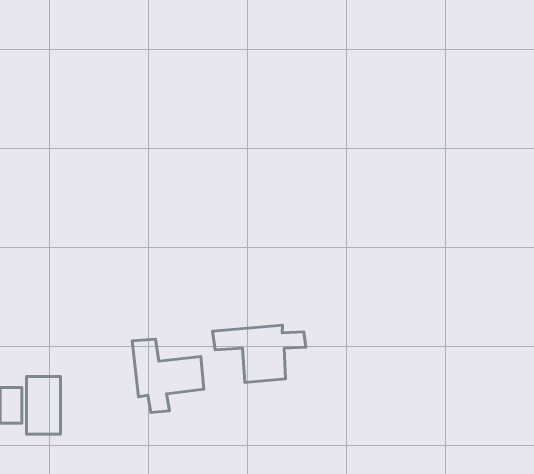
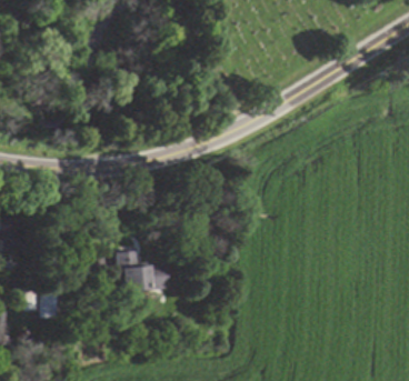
building: [212,325,306,383] -> none

